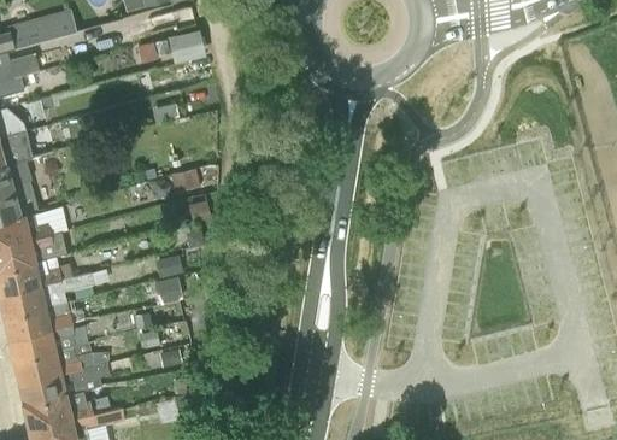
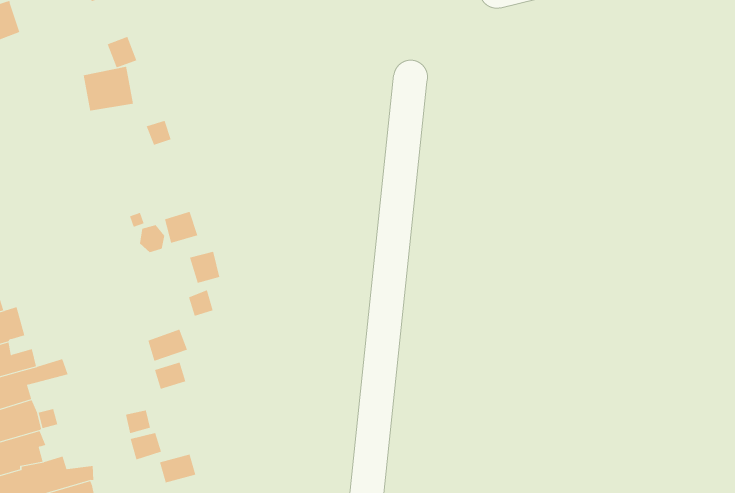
building: [171,28,207,59] -> [83,66,134,111]

